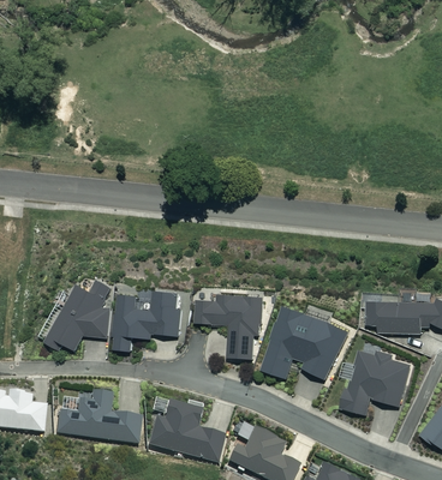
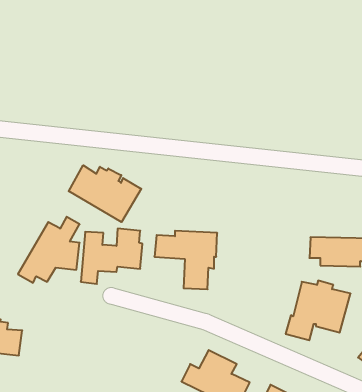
building: none -> [69,165,141,222]
building: [261,305,346,379] -> none
building: [55,390,141,442] -> none
building: [147,400,225,462] -> none

